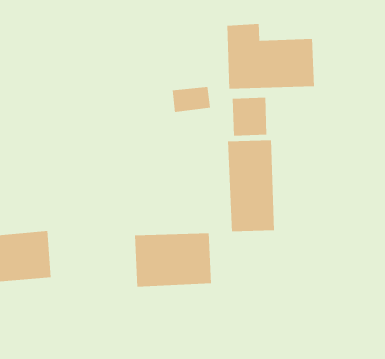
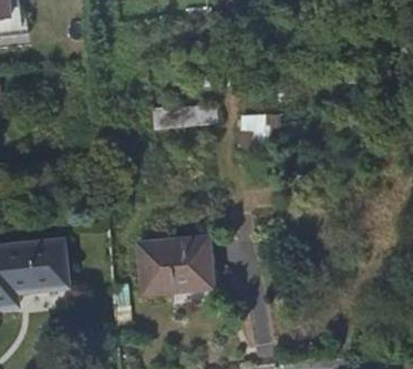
building: [227,23,315,89] -> none
building: [228,140,274,232] -> none

